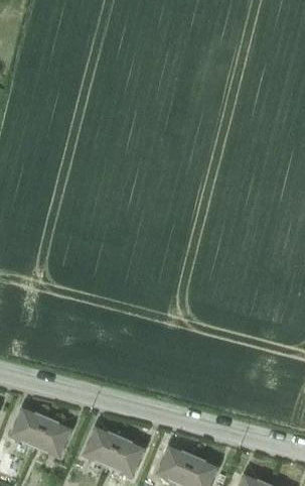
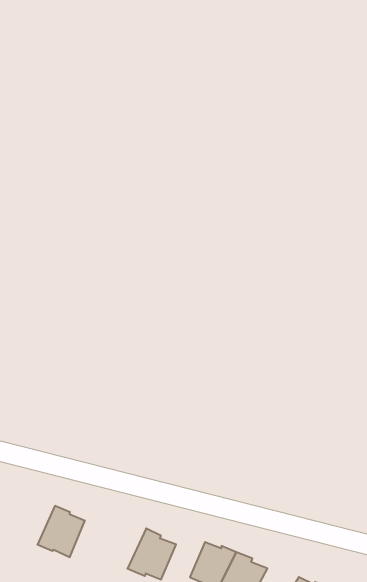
building: [10,409,48,450] -> none
building: [84,429,122,469] -> none

